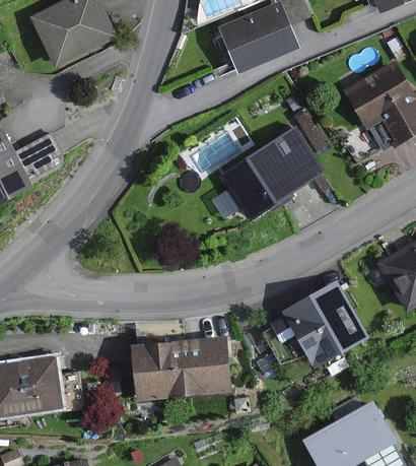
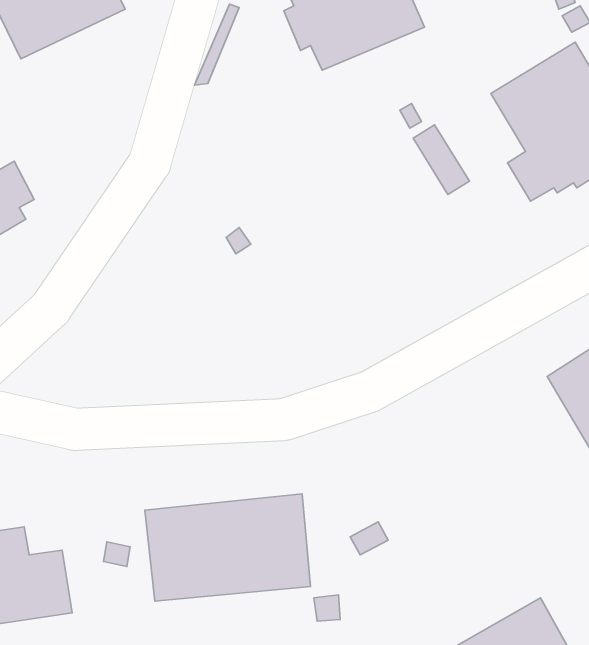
building: [218,126,325,222] -> none
building: [271,279,369,375] -> none

